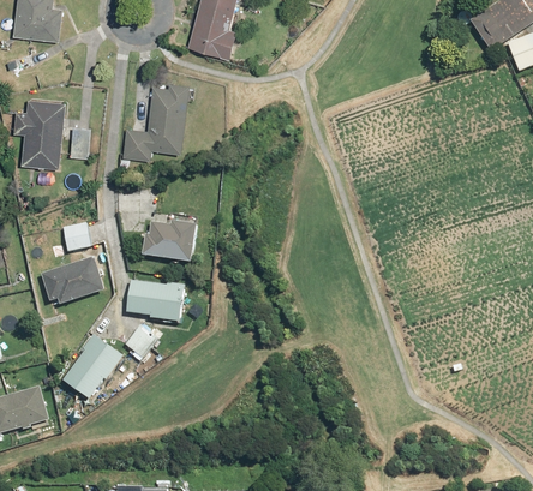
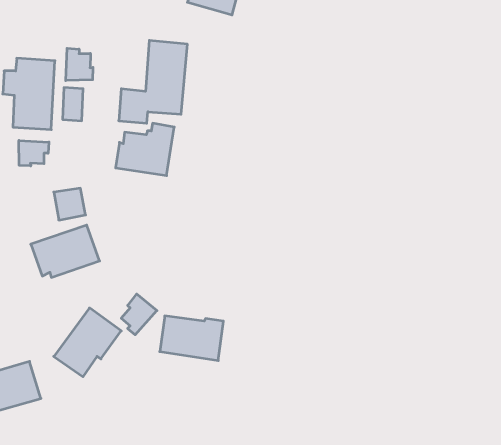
building: none -> [66,48,93,81]
building: none -> [19,140,49,166]
building: [142,214,197,263] -> [116,123,174,176]
building: [124,279,184,321] -> [160,316,223,361]

